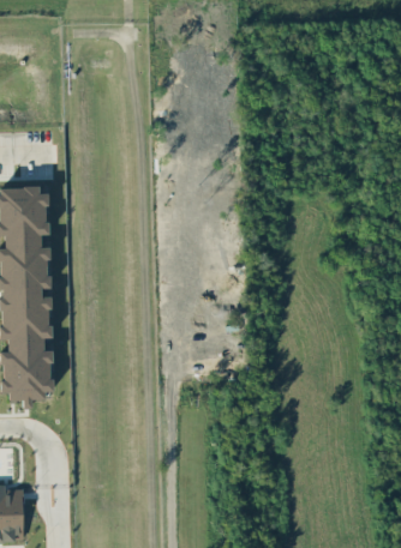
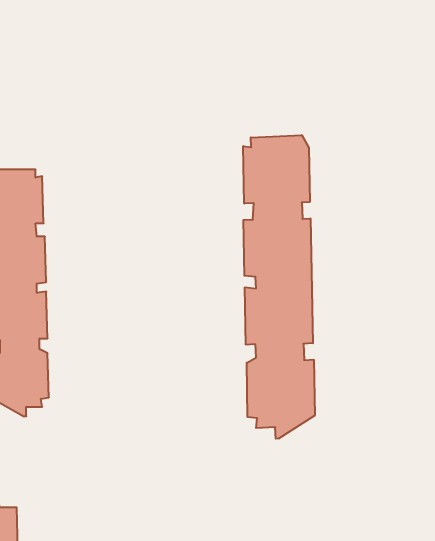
building: none -> [243,135,315,439]

